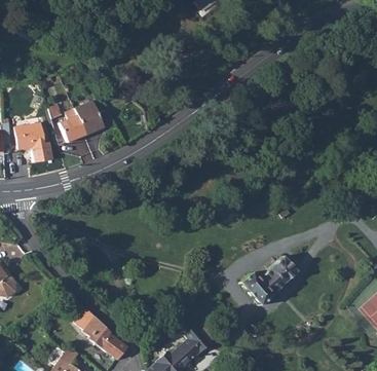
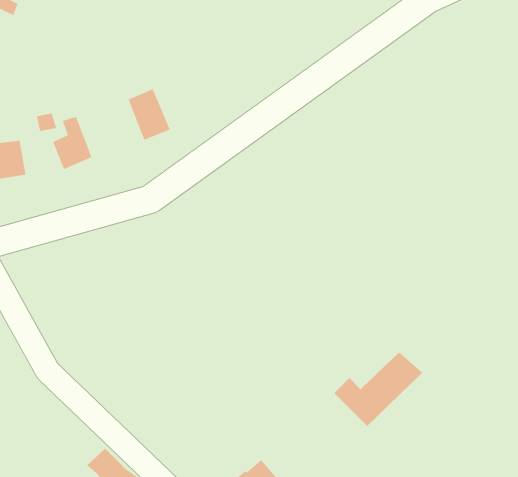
building: [76,100,104,134] -> [128,88,171,141]

